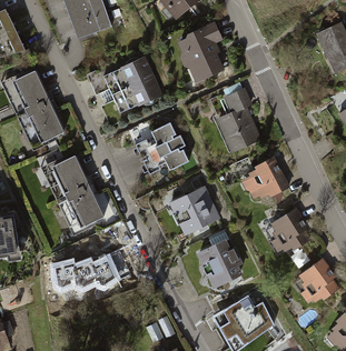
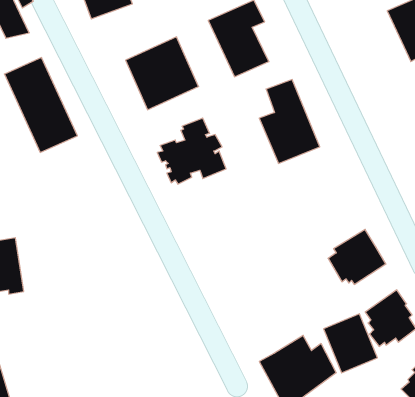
building: [45,154,106,234] -> none
building: [243,157,290,199] -> none
building: [166,183,218,233] -> none
building: [196,241,239,289] -> [324,314,377,373]
building: [53,257,119,290] -> none

